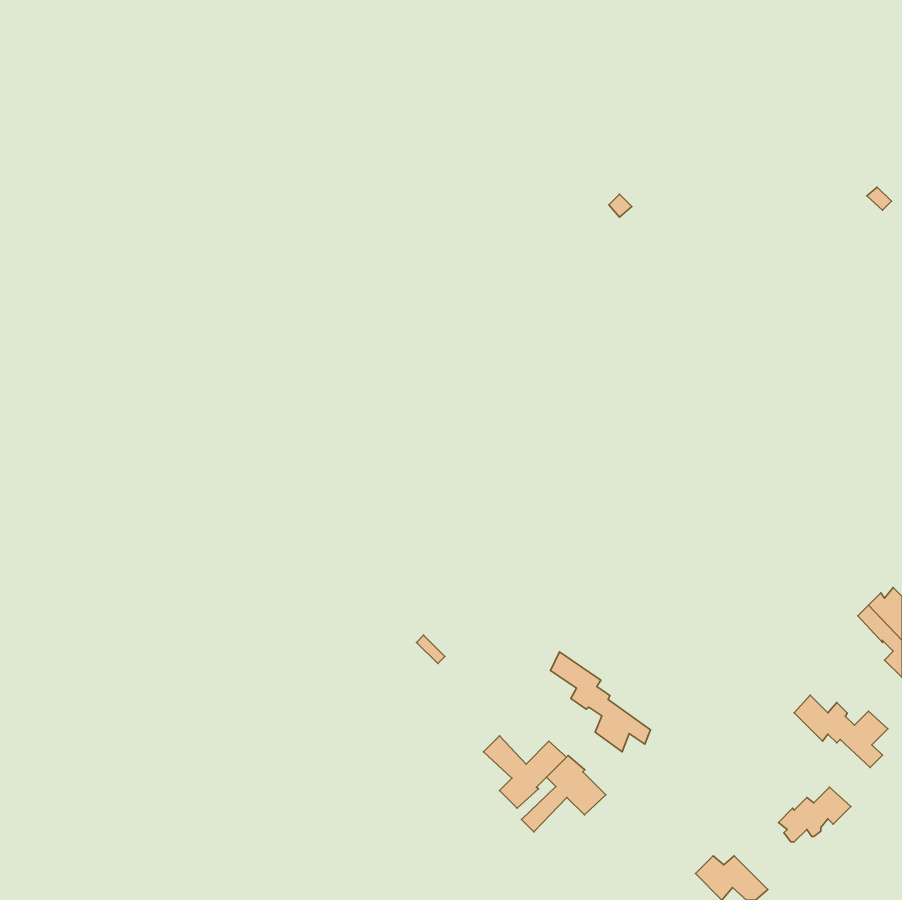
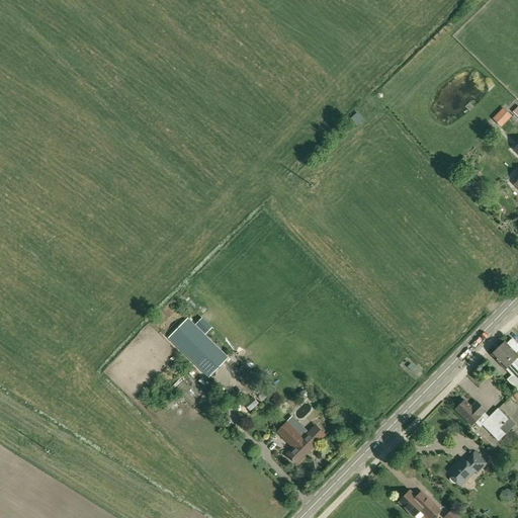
building: none -> [168,317,229,377]
building: [551,652,650,752] -> none
building: [522,755,606,832] -> none

